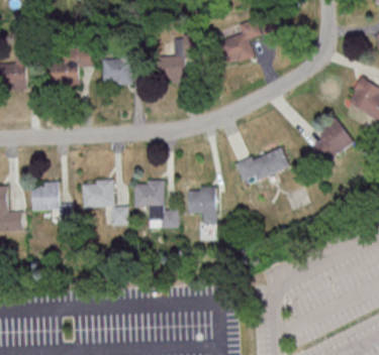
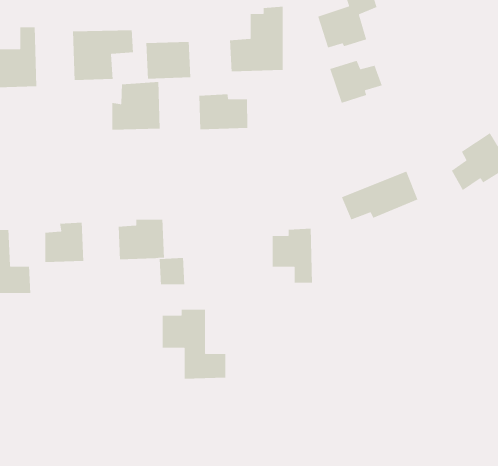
building: none -> [329,60,383,104]
building: none -> [111,81,161,131]
building: none -> [198,93,248,130]
building: [133,180,178,228] -> [162,309,226,380]

